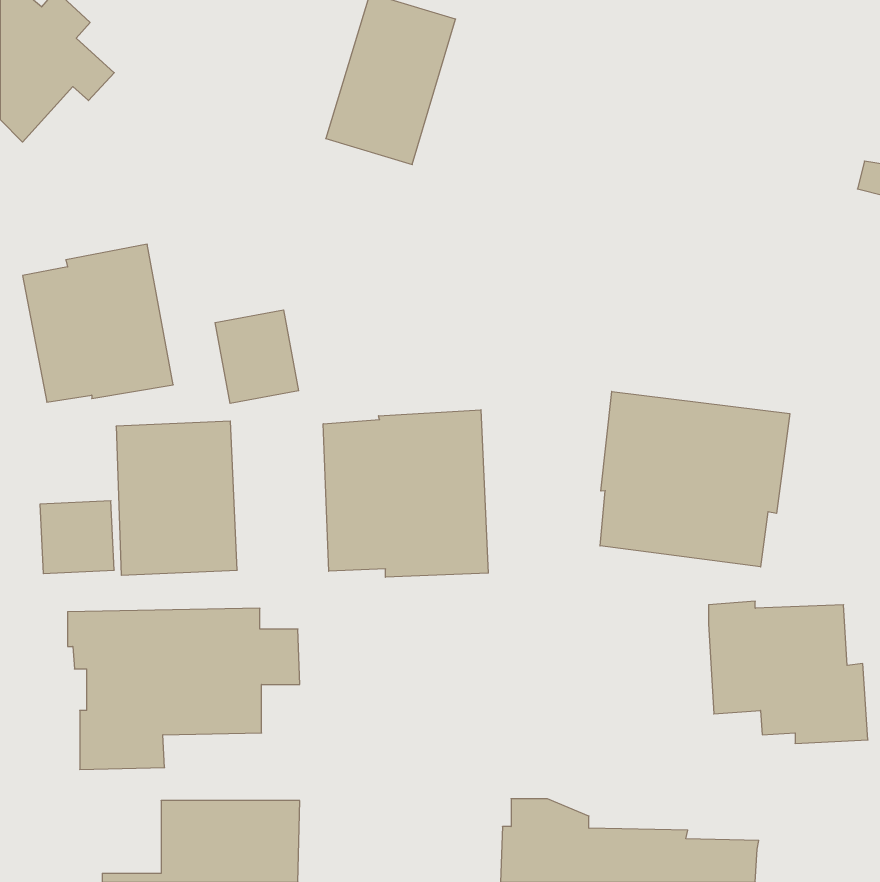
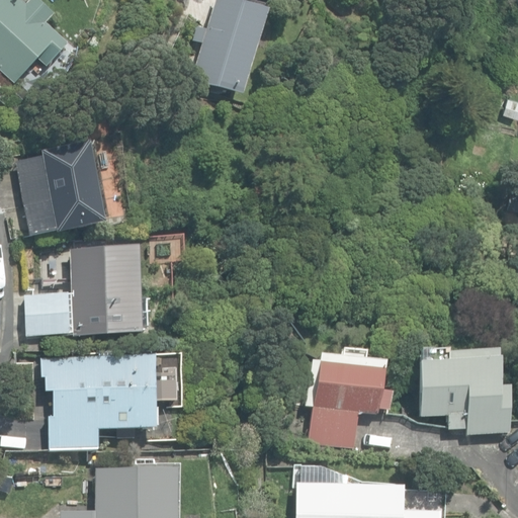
building: [215,310,299,403] -> none
building: [600,391,790,567] -> none
building: [323,410,488,577] -> none
building: none -> [306,354,392,444]

